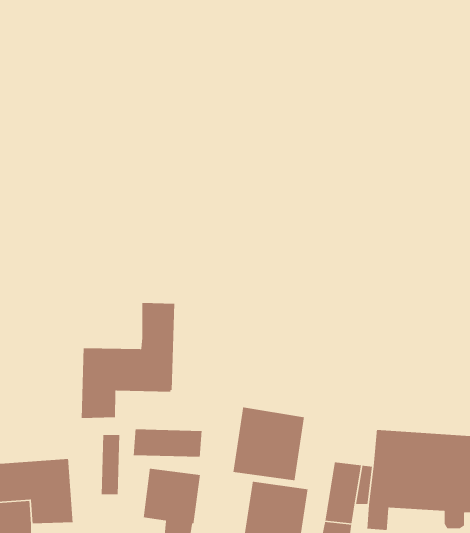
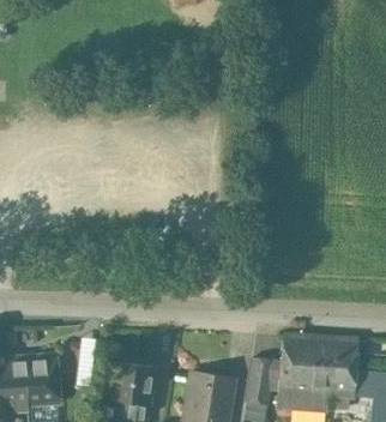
building: [81,302,175,419] -> none
building: [232,407,305,481] -> none
building: [133,429,202,458] -> none

